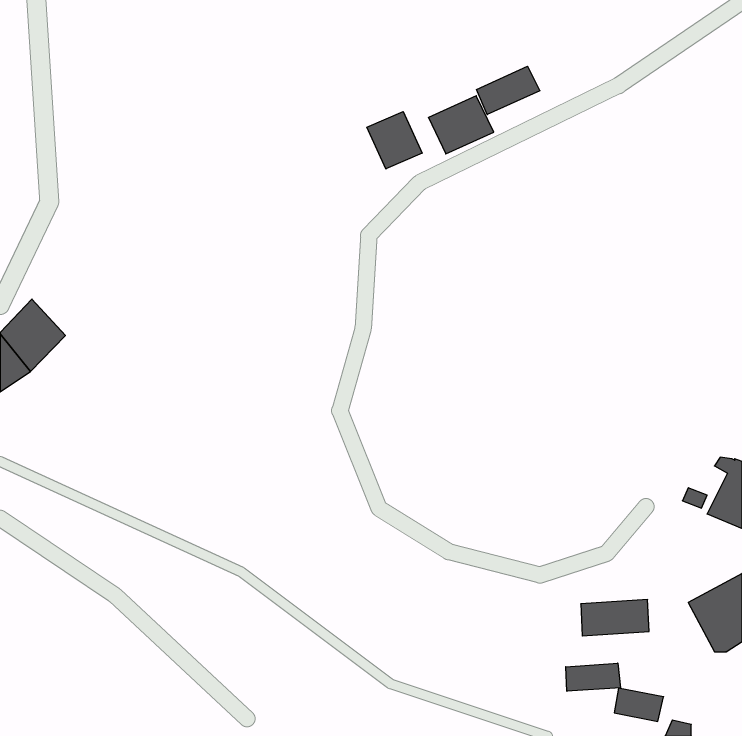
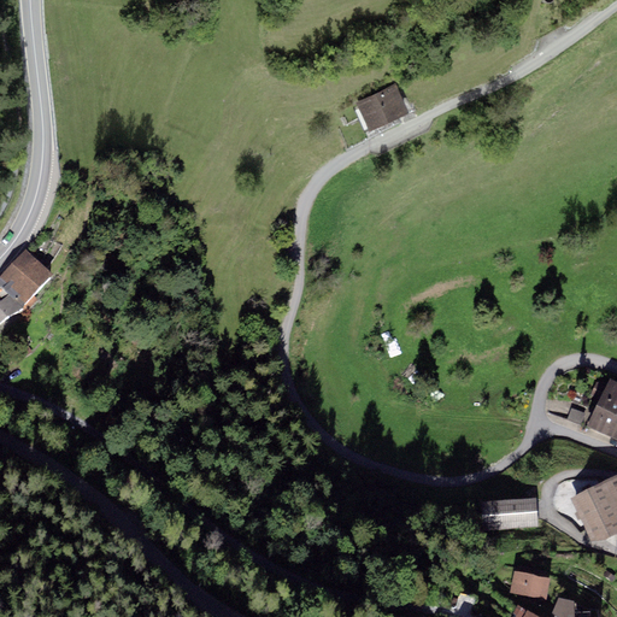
building: [476,66,540,115] -> none
building: [367,112,422,169] -> none
building: [566,663,621,691] -> none

